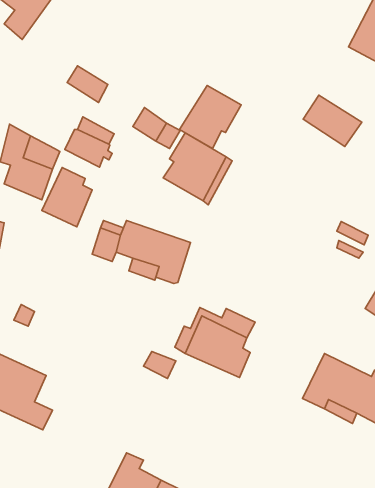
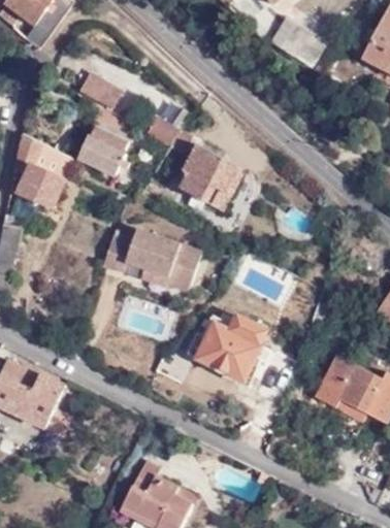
building: [180,86,241,149] -> none
building: [303,95,362,146] -> [269,16,327,67]
building: [42,167,92,227] -> none

